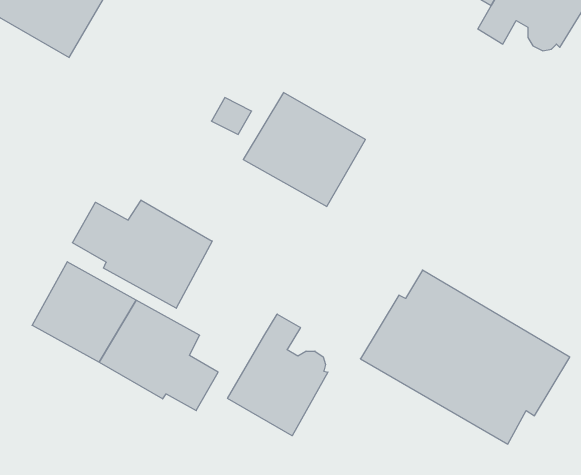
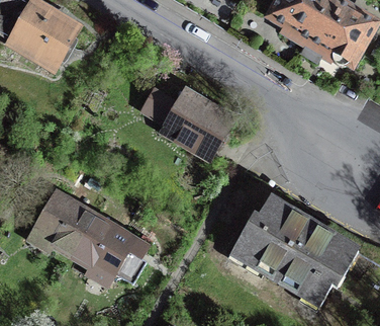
building: [72,200,212,308] -> none
building: [228,314,328,436] -> none

